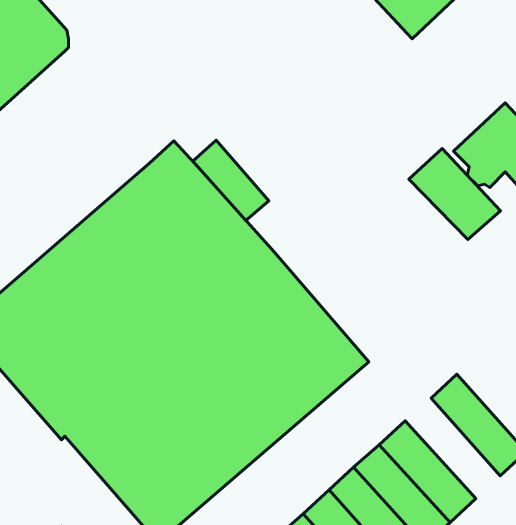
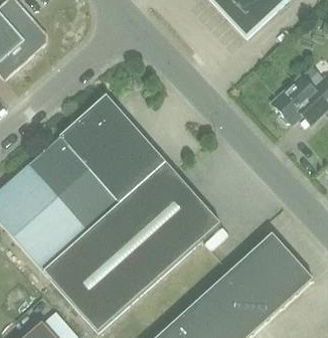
building: [193,140,269,220] -> none
building: [409,149,500,240] -> none
building: none -> [241,246,297,305]

